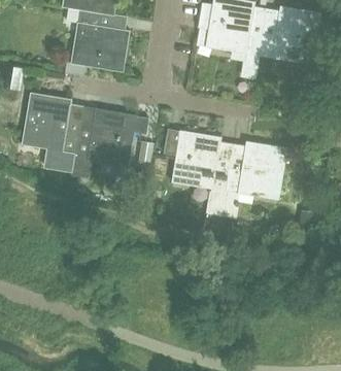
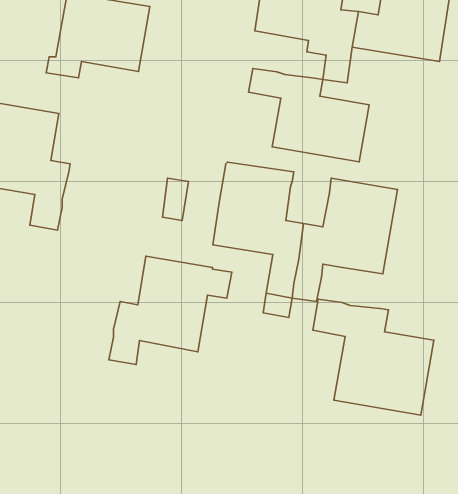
building: none -> [249,69,369,162]
building: [71,106,149,175] -> [109,256,232,365]
building: none -> [313,299,434,415]

